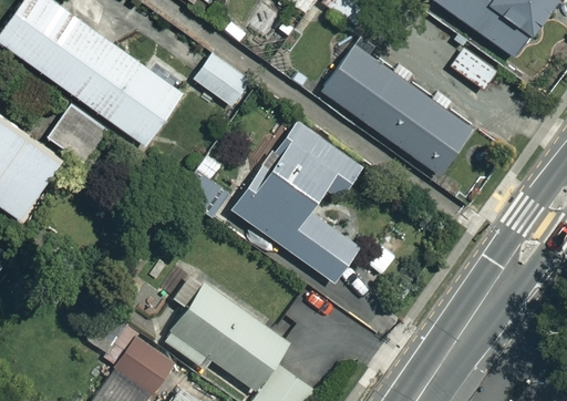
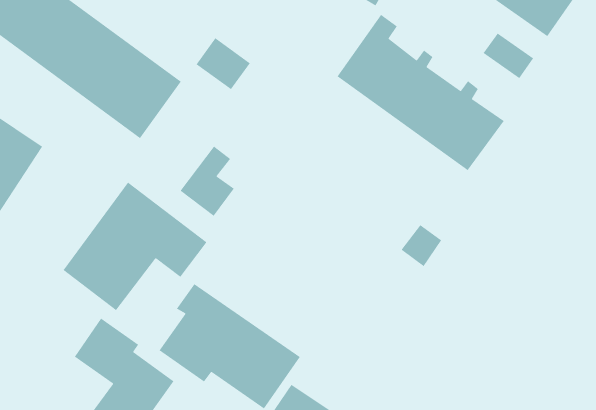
building: [49,105,109,163] -> none
building: [234,122,364,282] -> none
building: none -> [62,182,208,311]

